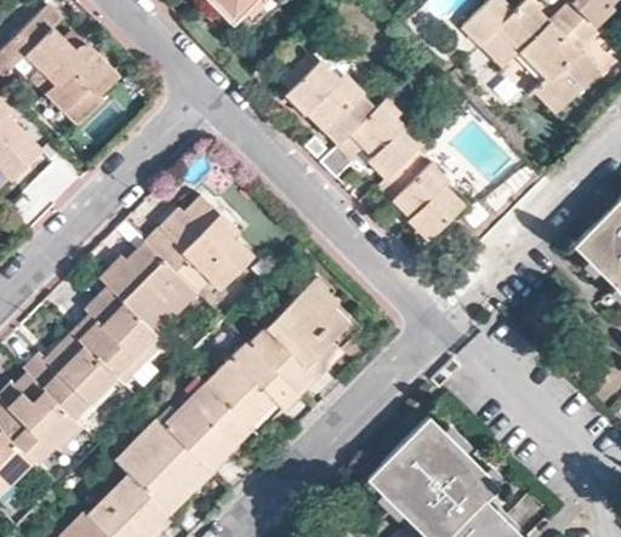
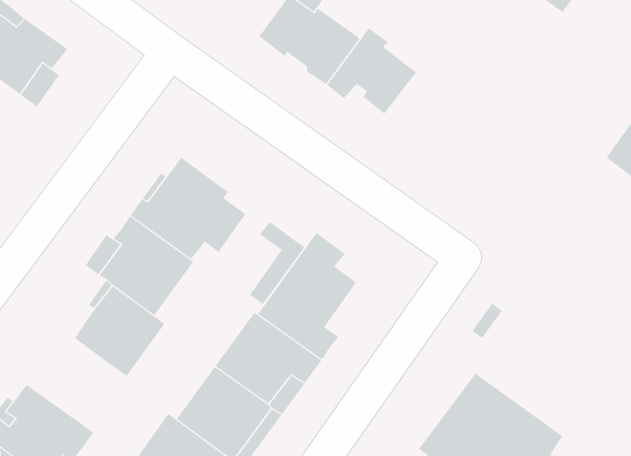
building: [378,154,462,242] -> none
building: [306,299,361,372] -> [249,221,305,305]
building: [29,337,120,416] -> none

